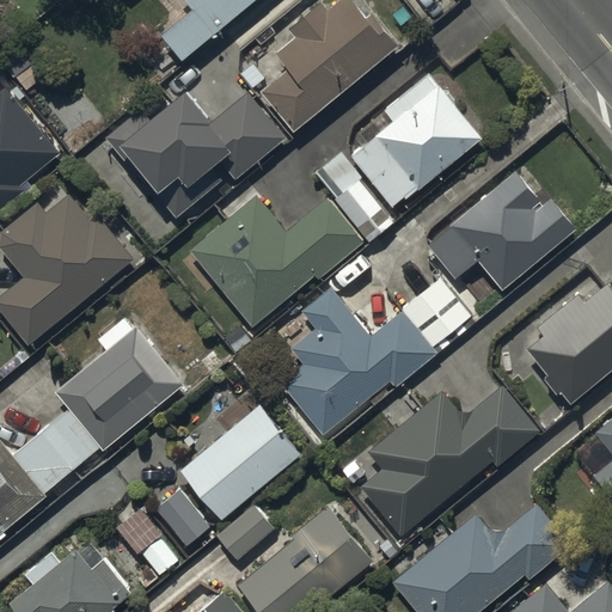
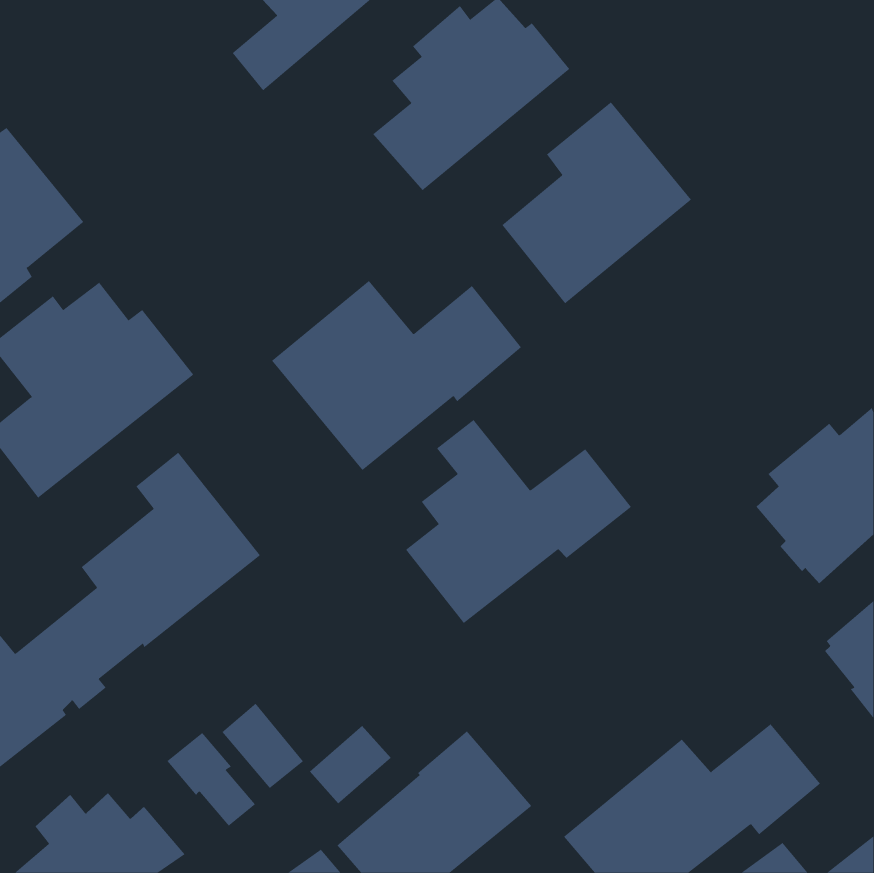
building: [112,94,284,214] -> none
building: [314,152,394,243] -> none
building: [428,173,575,292] -> none
building: [406,280,477,350] -> none
building: [360,387,538,537] -> none
building: [179,405,300,521] -> none

